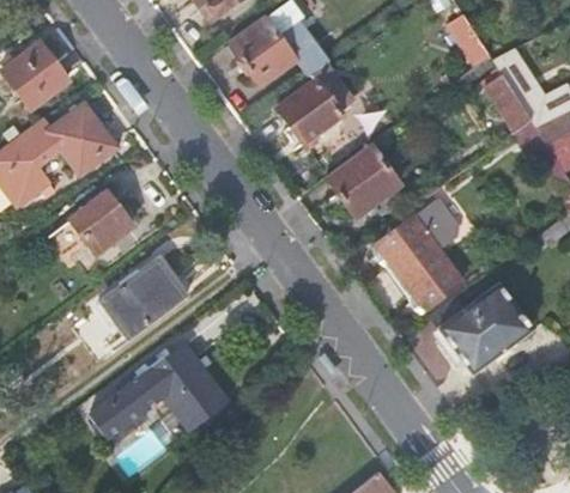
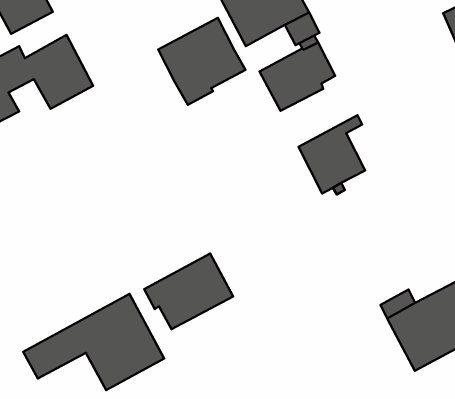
building: none -> [158,18,246,105]
building: [49,191,133,254] -> none
building: [372,199,463,312] -> none
building: [99,258,187,337] -> [144,253,233,329]

